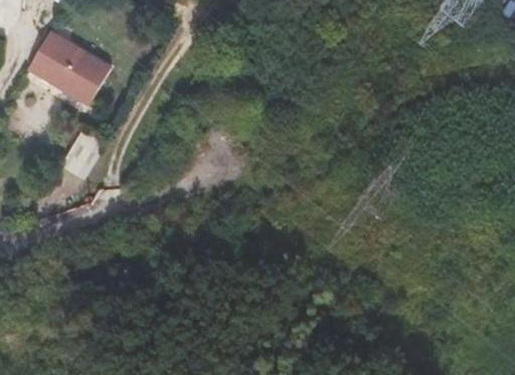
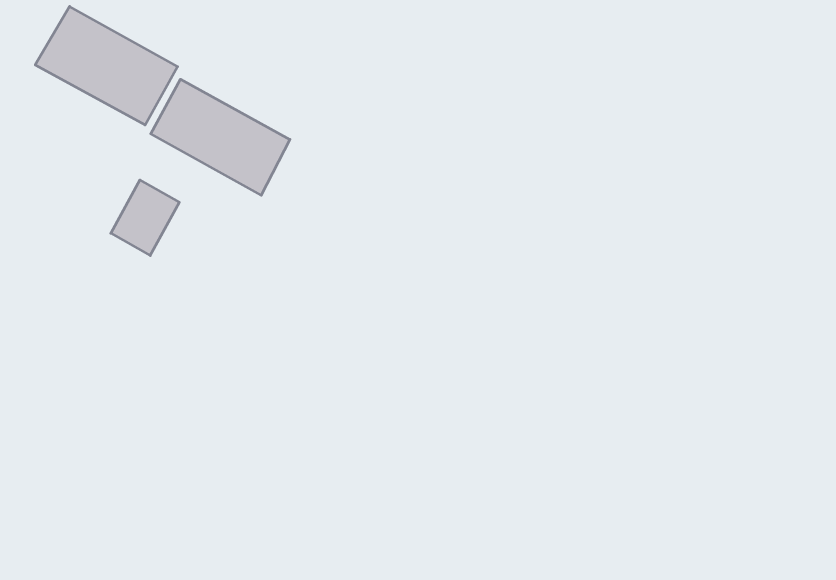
building: none -> [151,79,290,195]

